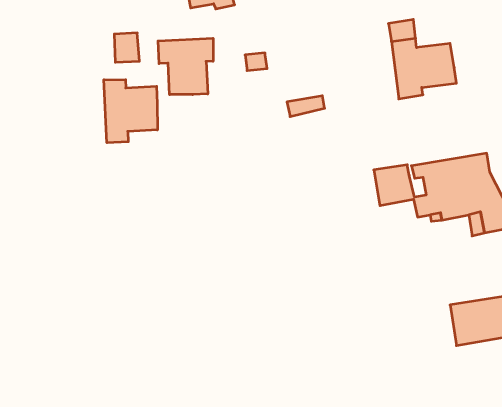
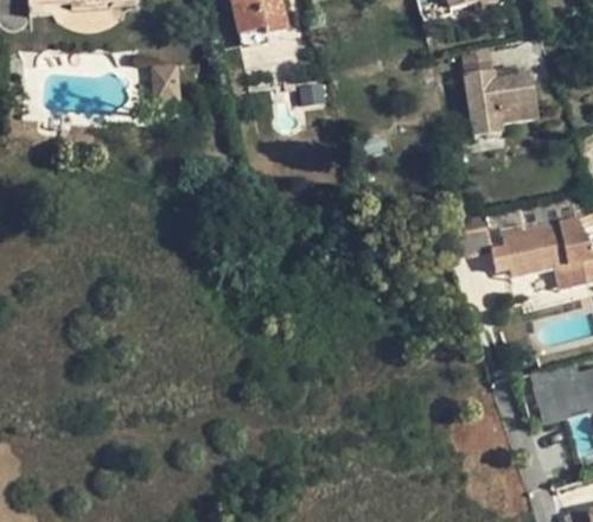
building: [158,38,213,95] -> none
building: [104,80,157,143] -> none

